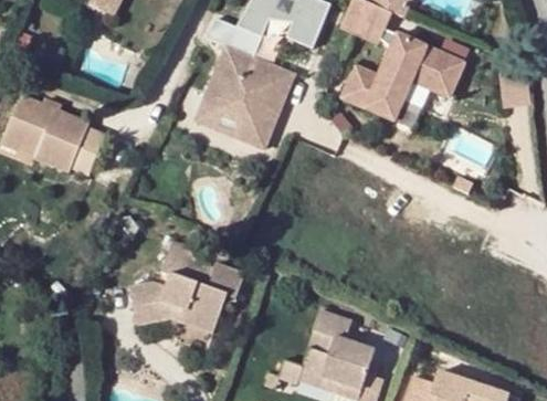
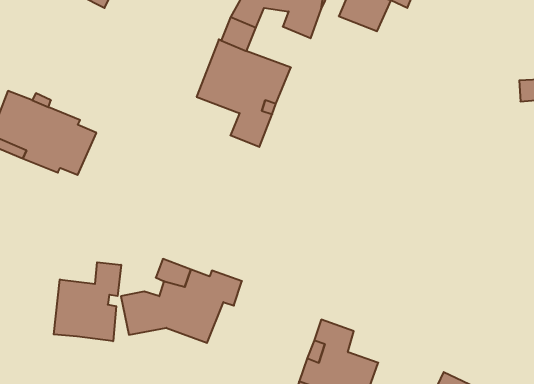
building: [336,30,471,122] -> none
building: [194,101,243,137] -> none
building: none -> [54,262,121,341]

